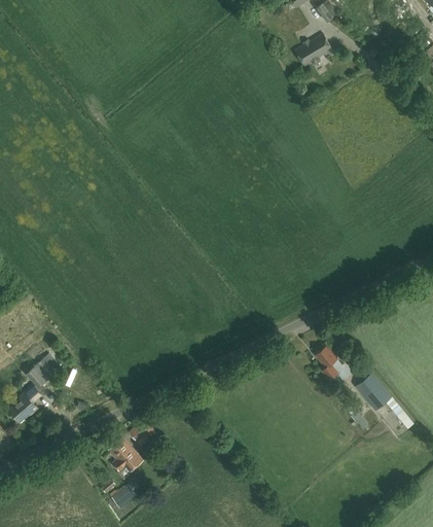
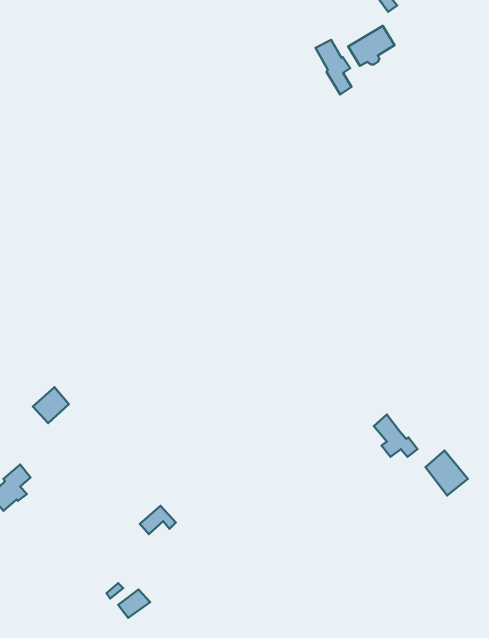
building: none -> [316,40,352,94]
building: [29,355,58,384] -> [33,387,69,423]
building: [109,436,143,478] -> none

